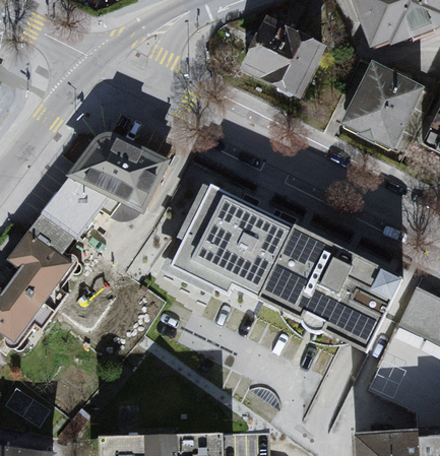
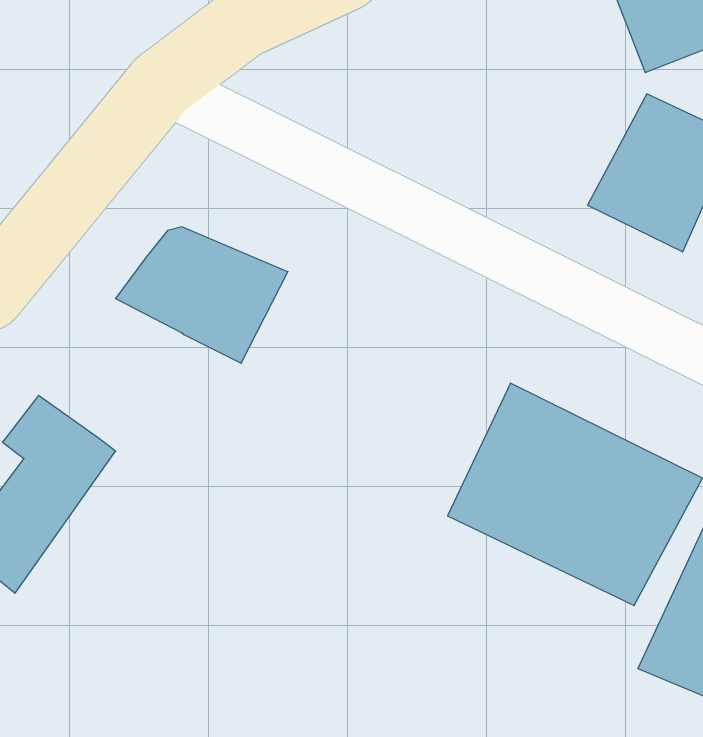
building: [238,16,325,100] -> none
building: [28,177,111,256] -> none
building: [168,179,296,300] -> none

